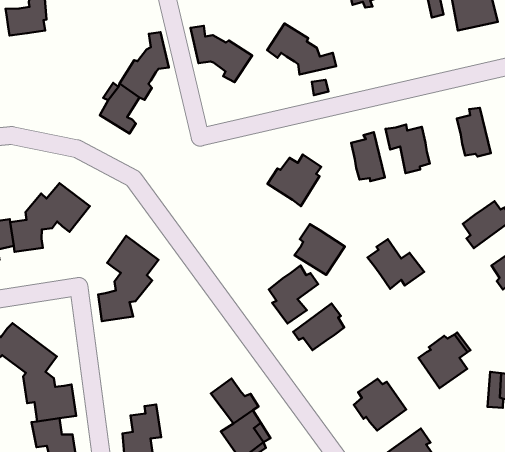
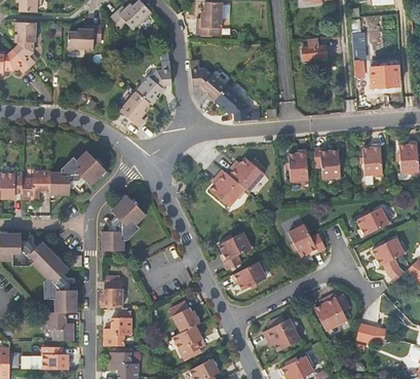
building: [267,23,336,74] -> [216,84,261,120]
building: [295,224,345,275] -> [208,167,243,203]
building: none -> [102,280,123,306]

